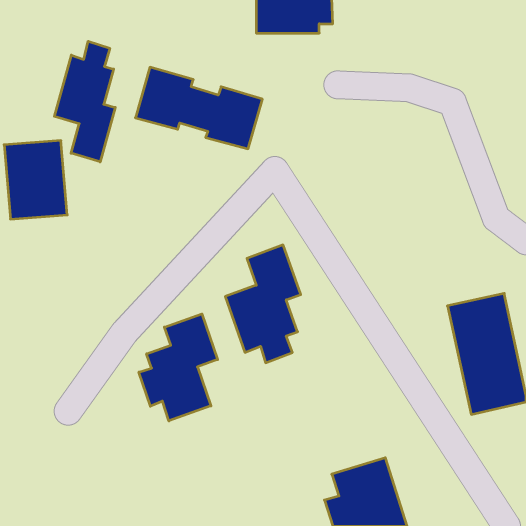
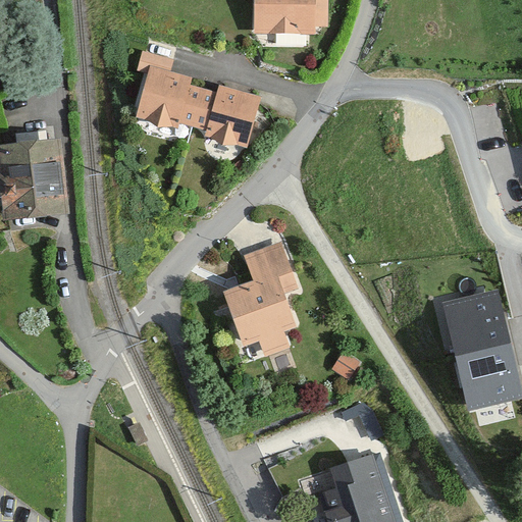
building: [54,41,115,162] -> none
building: [139,314,218,421] -> none

